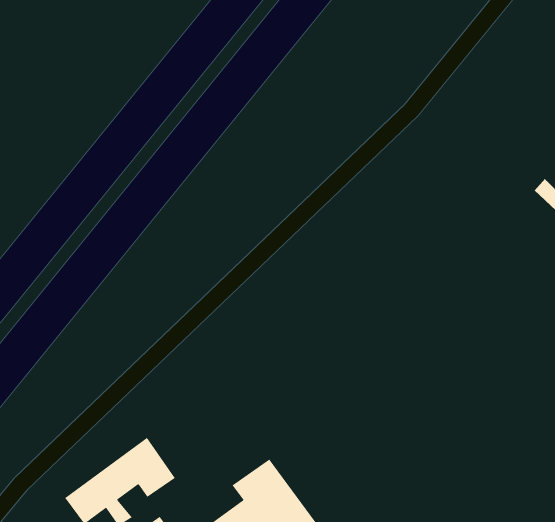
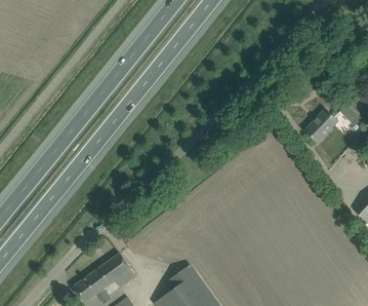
building: none -> [305,109,337,141]

